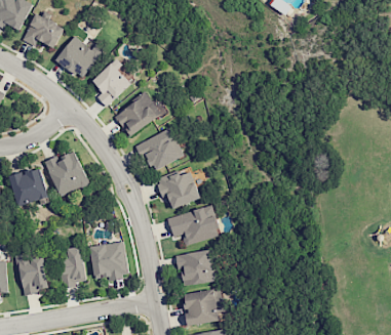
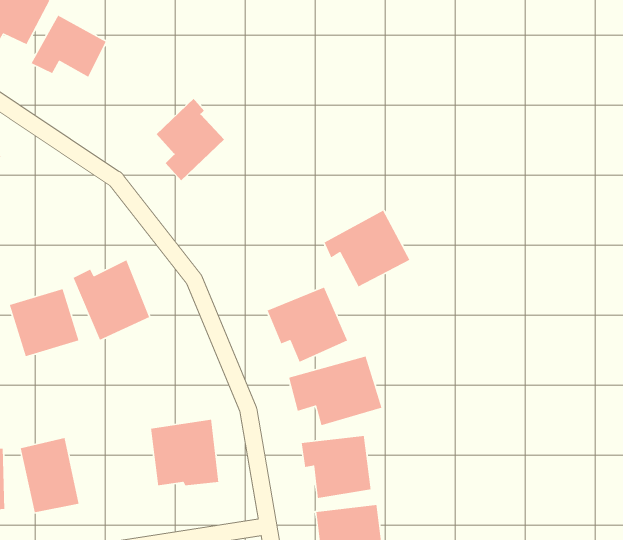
building: [56,35,105,79] -> none
building: [114,92,162,136] -> none
building: [135,127,185,171] -> [324,209,411,287]
building: [58,246,85,288] -> none

